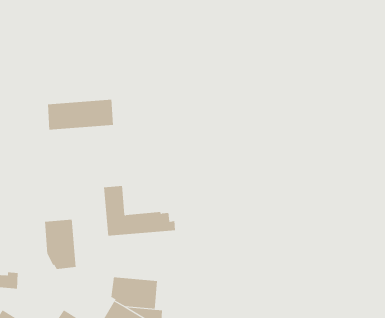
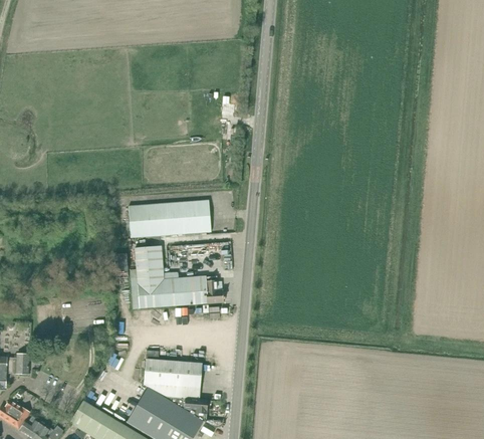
building: [47,99,114,130] -> [127,200,209,238]
building: [44,219,76,270] -> none

